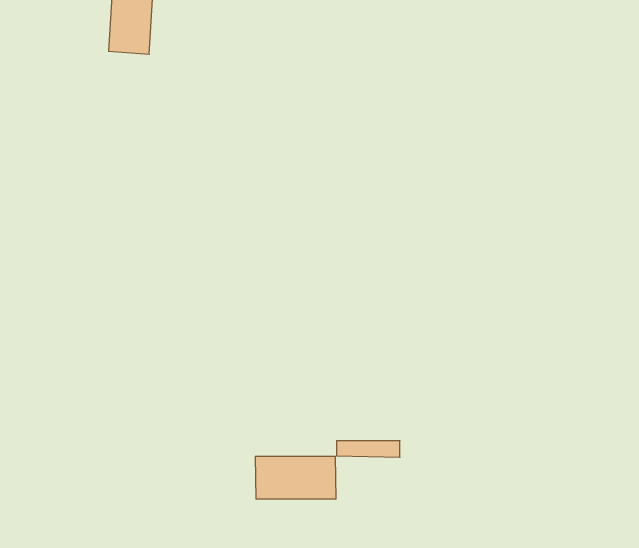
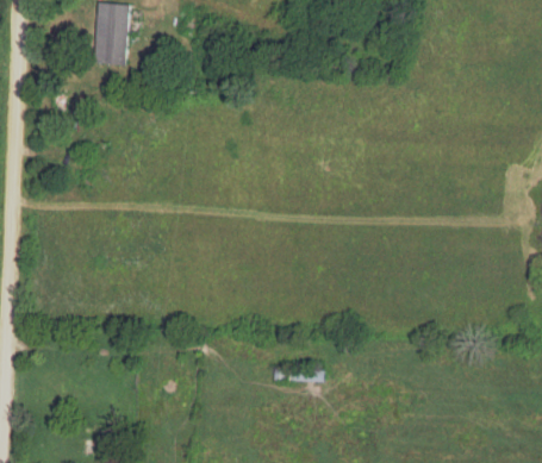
building: [255,456,336,499] -> none

